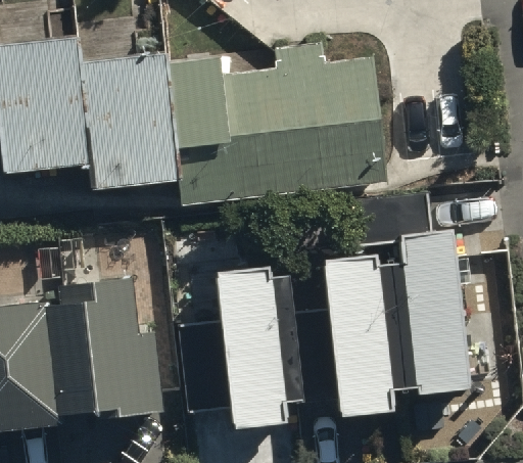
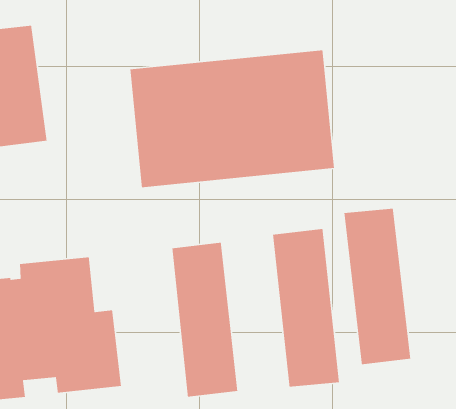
building: [80,50,180,186] -> none

